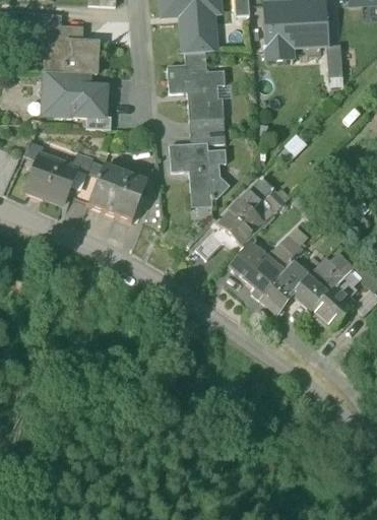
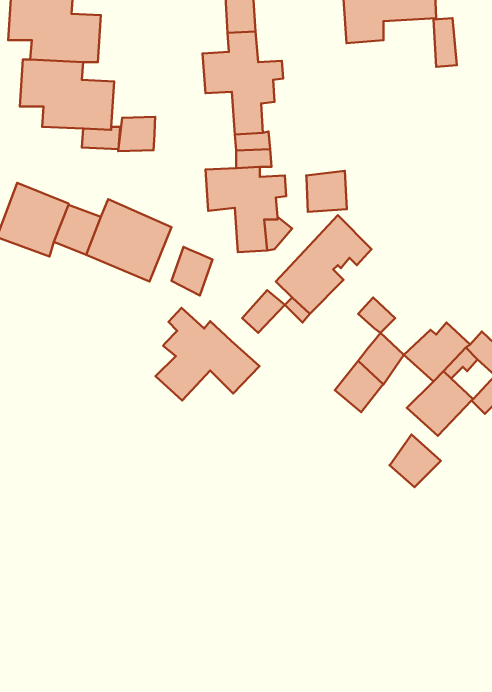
building: none -> [118,117,155,151]
building: none -> [306,171,347,212]
building: none -> [172,247,212,295]
building: none -> [155,308,259,400]
building: [231,244,282,298] -> none
building: [292,273,327,310] -> [389,434,441,487]

